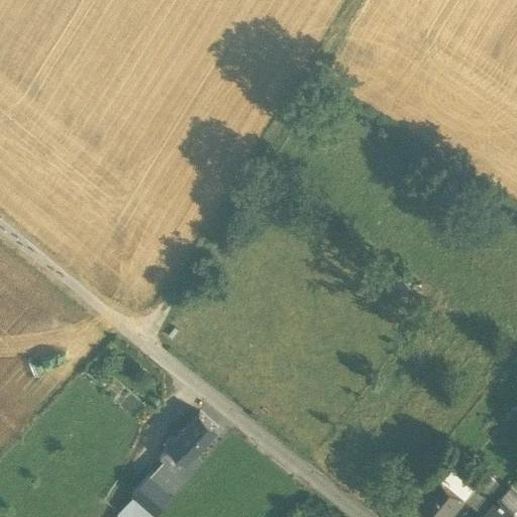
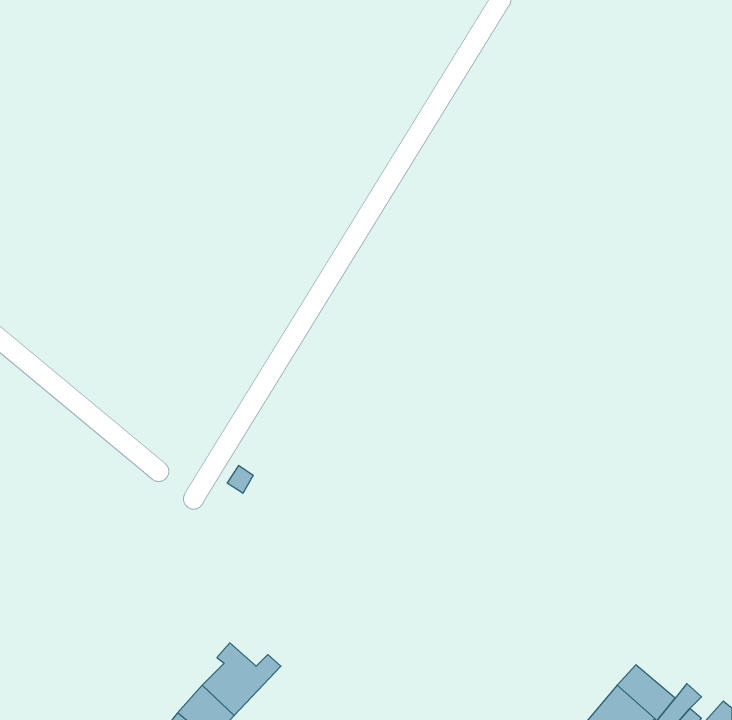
building: [160,429,209,479] -> none

